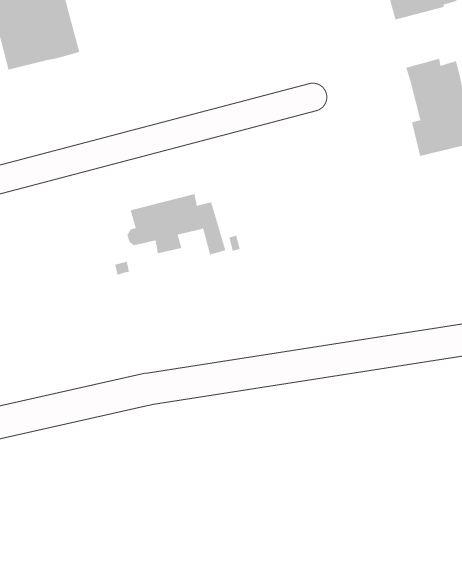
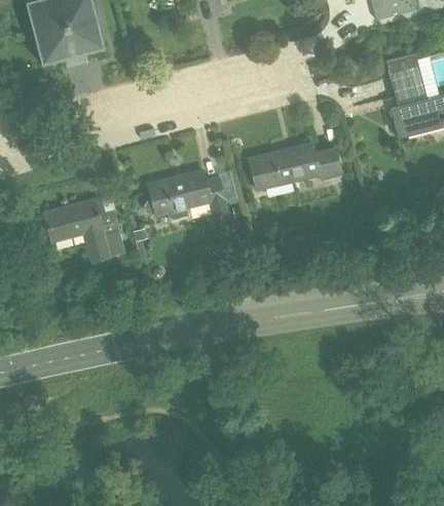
building: none -> [249,142,341,188]
building: none -> [44,198,125,260]

